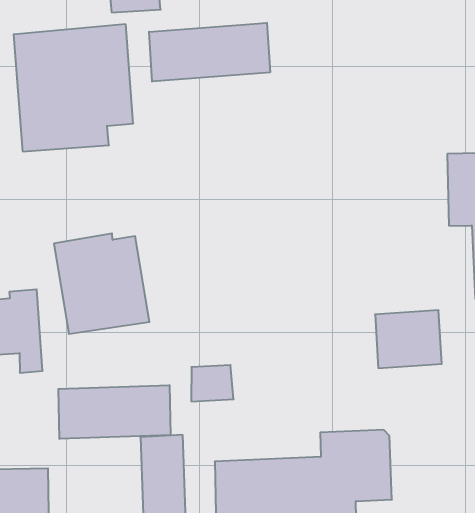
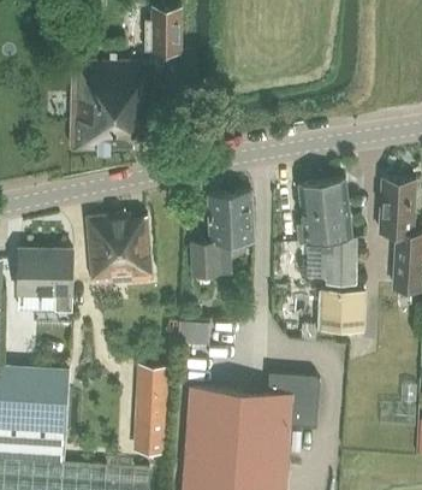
building: [149,23,270,82] -> none
building: none -> [297,181,356,284]
building: none -> [191,194,254,277]
building: [58,385,170,439] -> none

